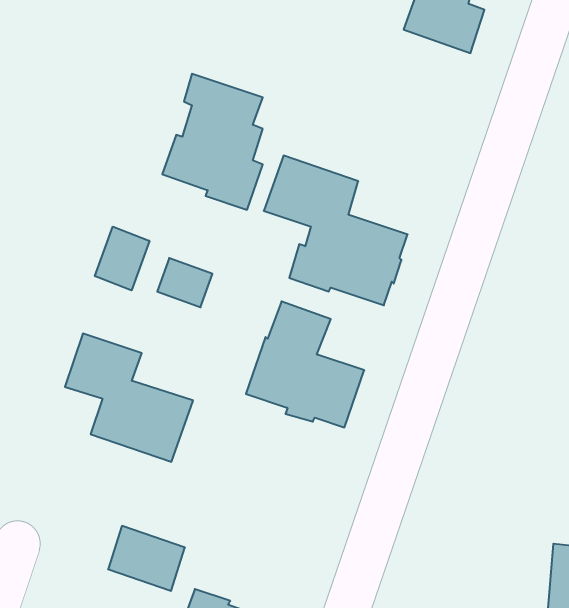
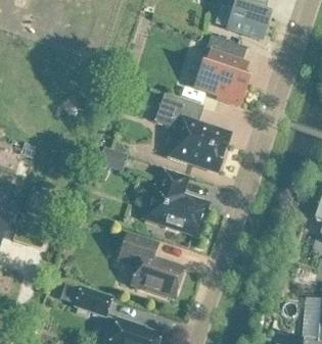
building: [162,74,263,210] -> [194,34,246,104]
building: [95,227,149,290] -> none
building: [65,334,193,462] -> [118,232,184,298]

